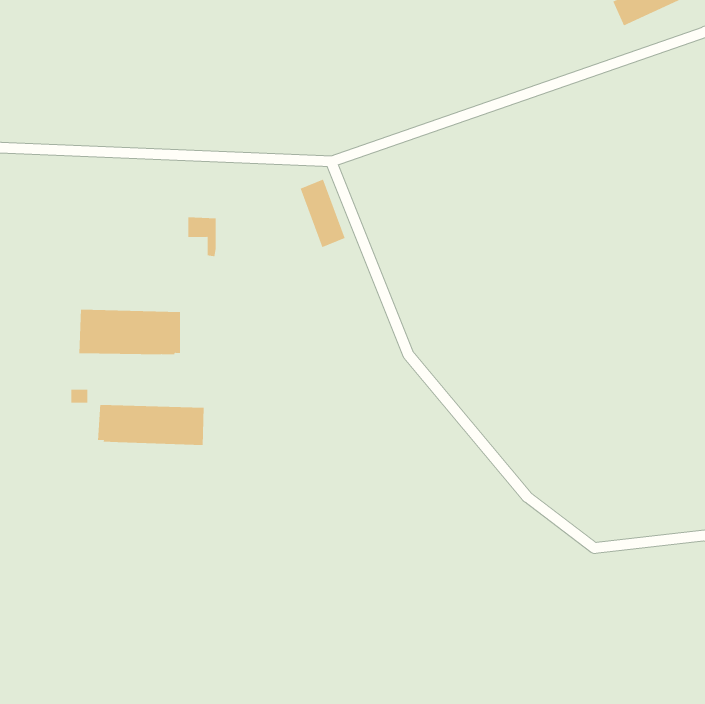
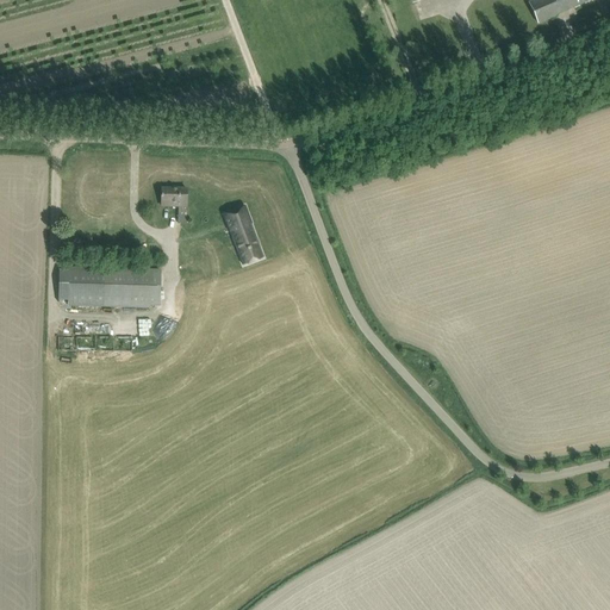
building: [300,179,345,248] -> [224,205,263,264]
building: [98,404,204,446] -> none

